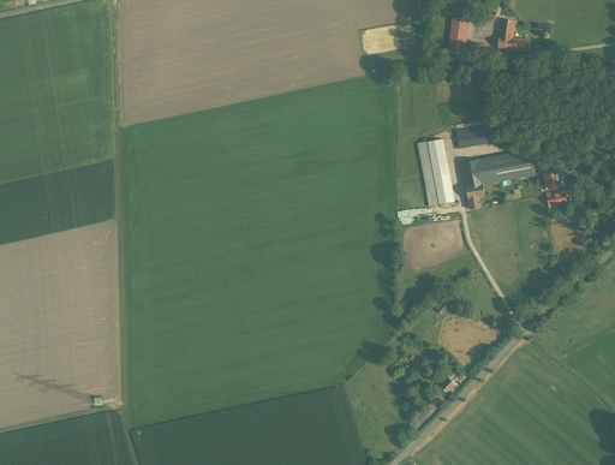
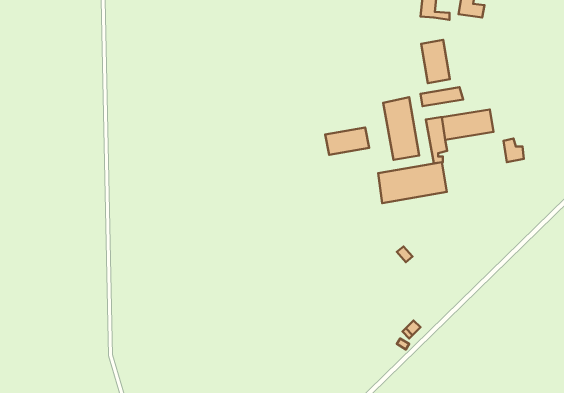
building: none -> [421,40,450,83]
building: none -> [325,127,369,155]
building: none -> [378,162,447,203]

